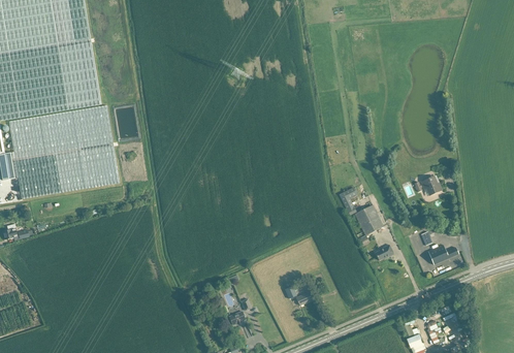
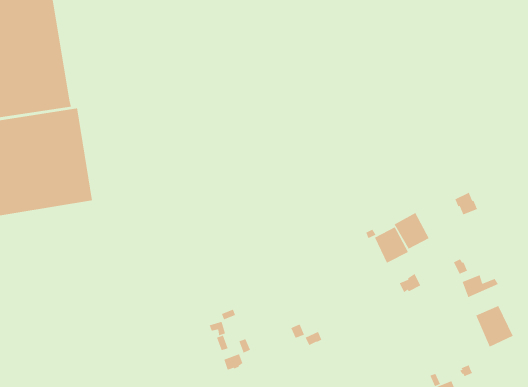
building: none -> [394,212,429,250]
building: none -> [475,305,513,347]

